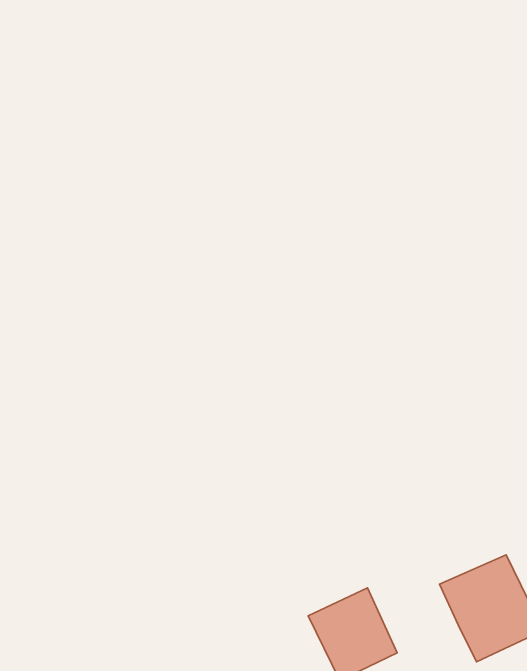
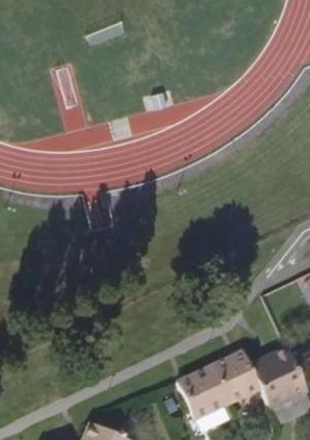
building: none -> [209,352,260,404]

